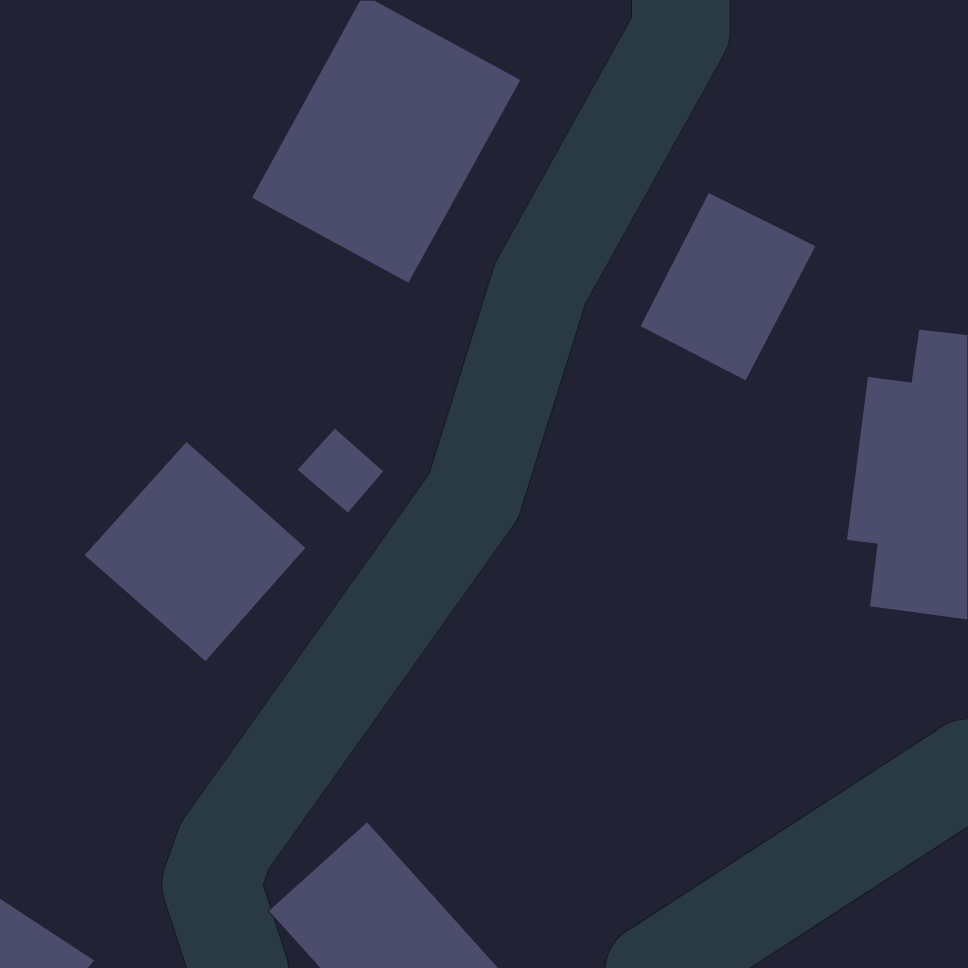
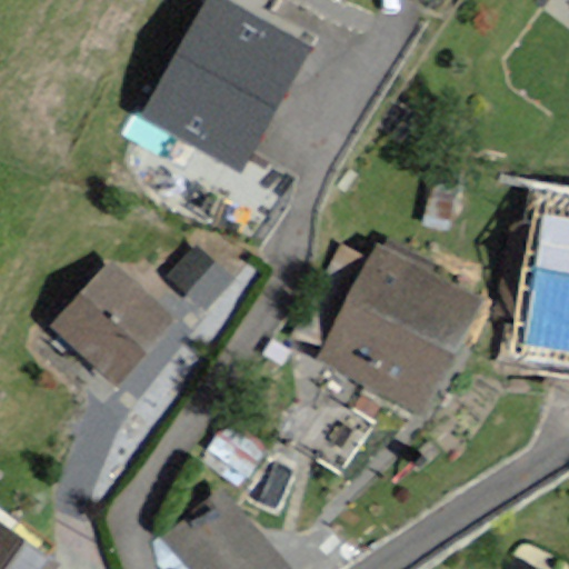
building: [640,192,816,381] -> none
building: none -> [318,244,483,412]

